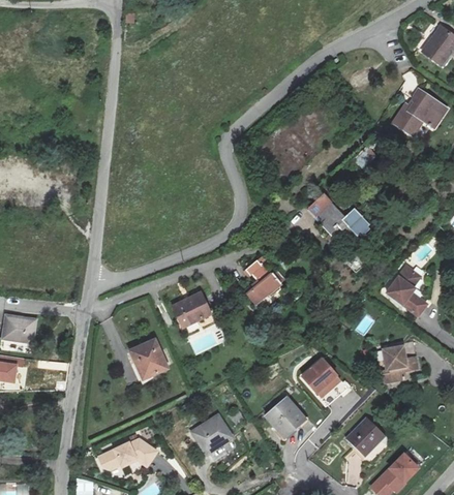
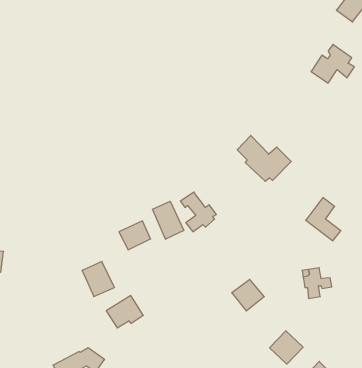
building: none -> [153,201,184,239]
building: [266,397,306,435] -> none
building: [190,413,233,451] -> [106,295,143,328]

